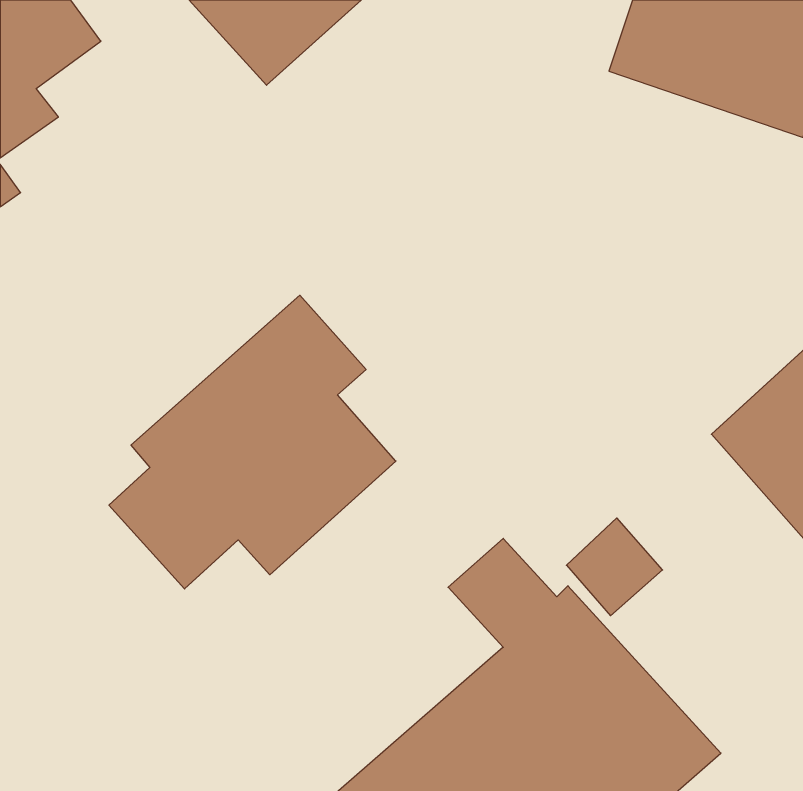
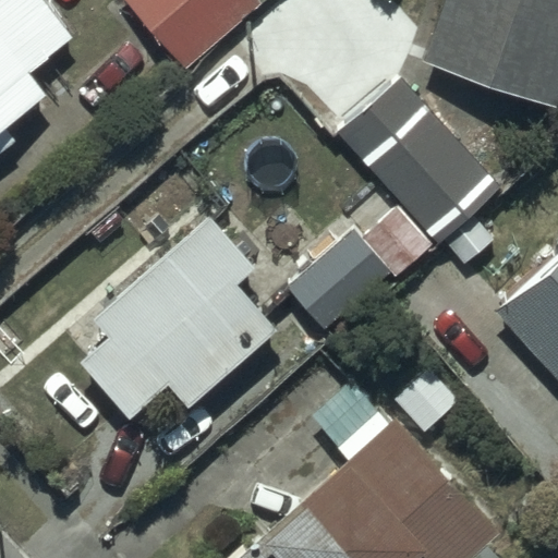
building: none -> [289,78,501,331]

